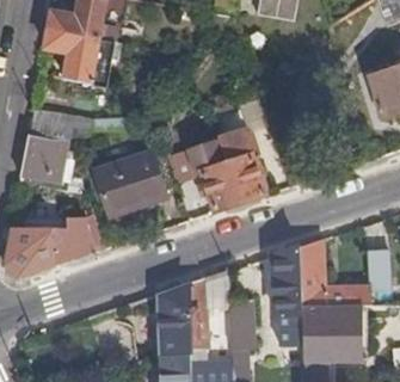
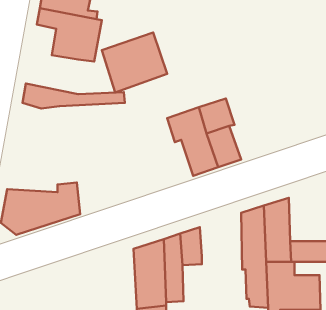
building: [20,133,69,184] -> none
building: [96,152,167,217] -> [102,33,167,92]
building: [226,300,251,347] -> none

